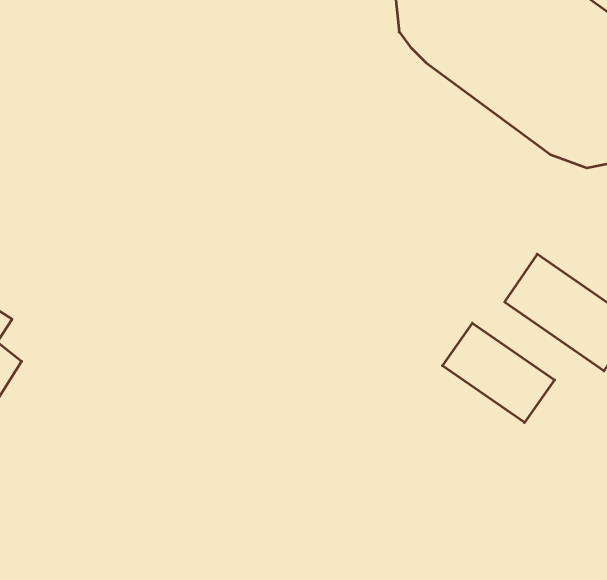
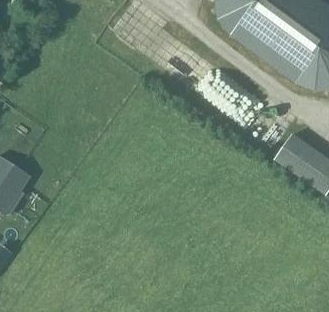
building: [442,323,555,423] -> none

